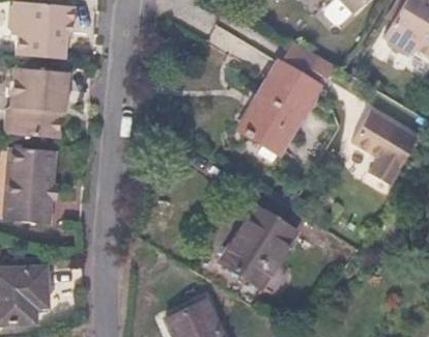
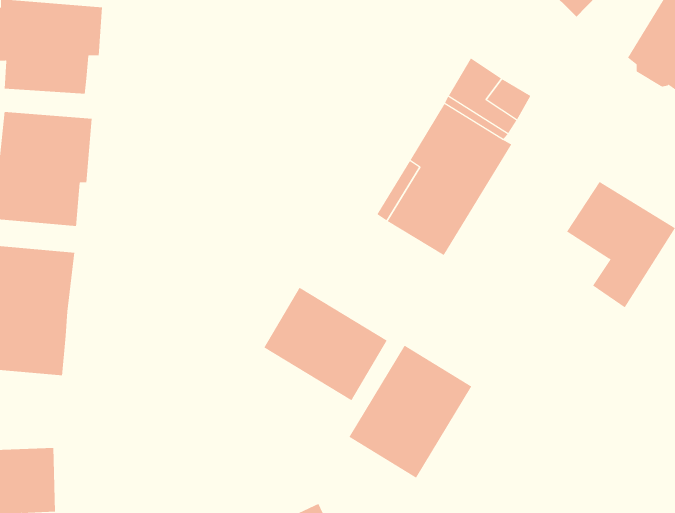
building: none -> [263,287,388,401]

